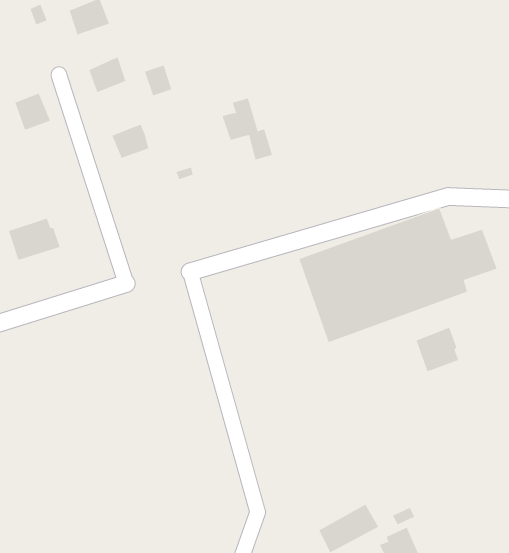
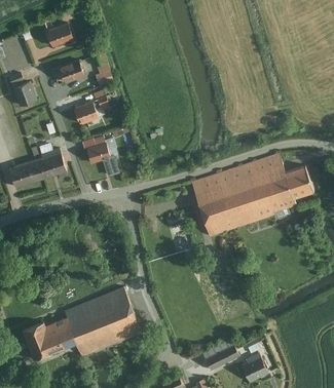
building: [222,98,273,160] -> [86,137,118,176]
building: none -> [34,149,66,179]
building: [416,327,459,372] -> none
building: none -> [23,288,137,360]

